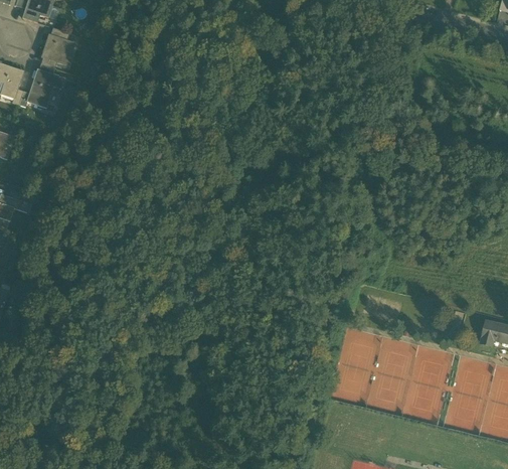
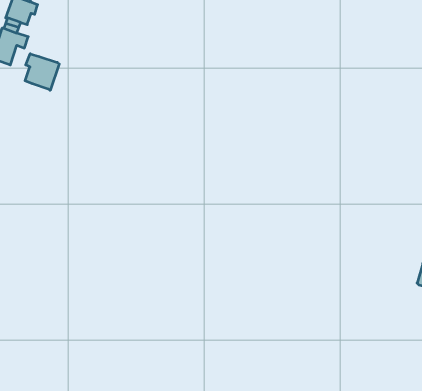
building: none -> [25,54,59,90]

